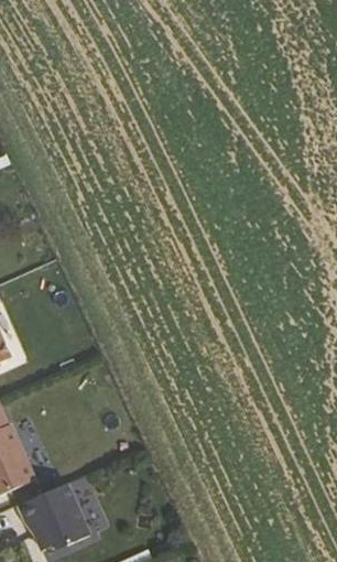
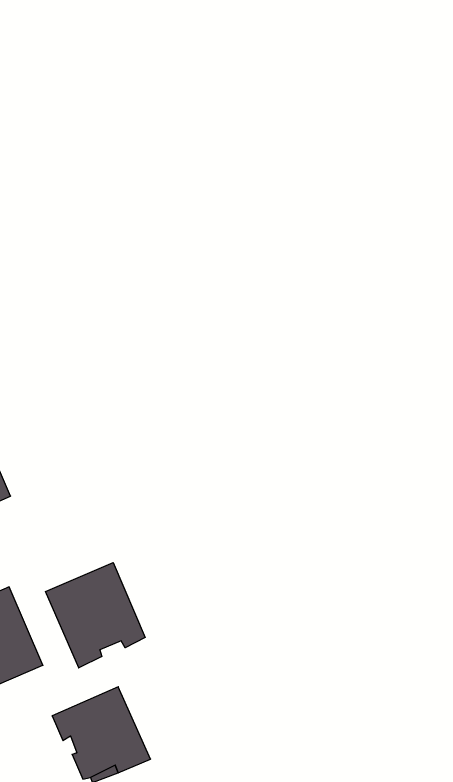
building: none -> [45,563,145,668]

